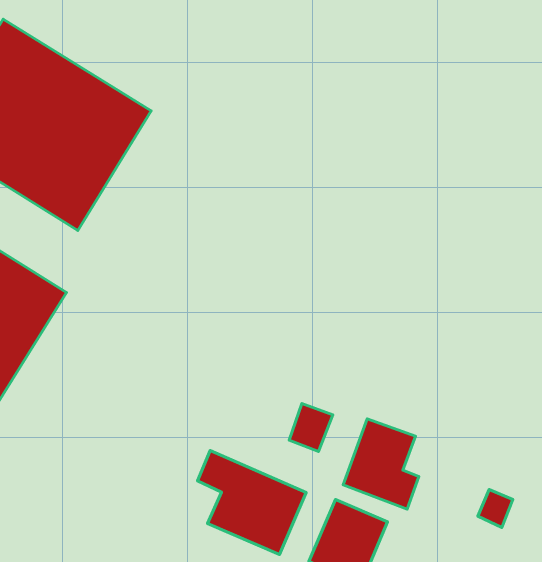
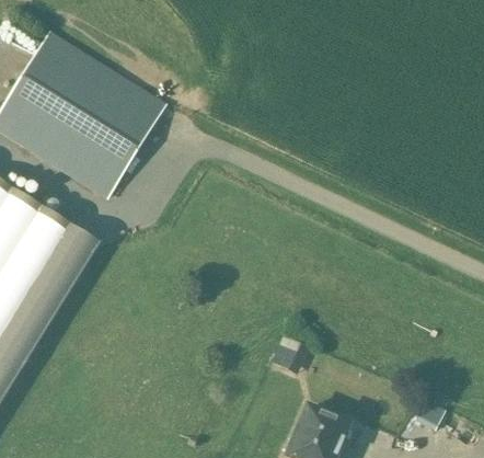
building: [343,419,419,509] -> none
building: [198,450,306,555] -> none

